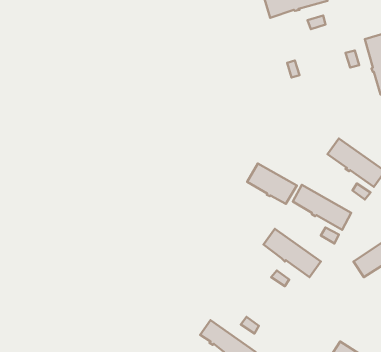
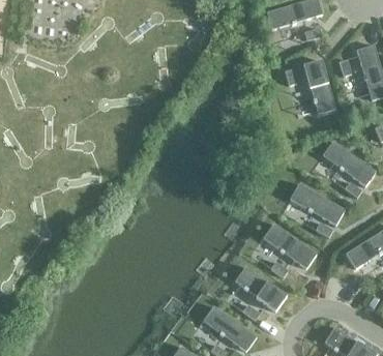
building: none -> [302,60,334,116]
building: [247,163,297,204] -> none
building: none -> [235,266,286,310]

